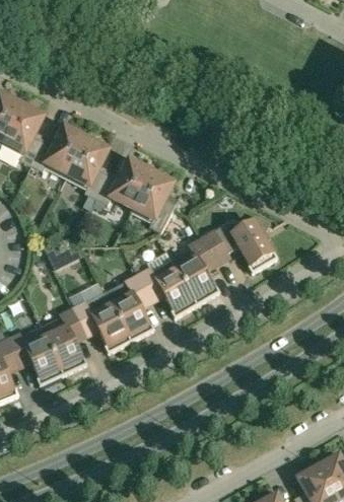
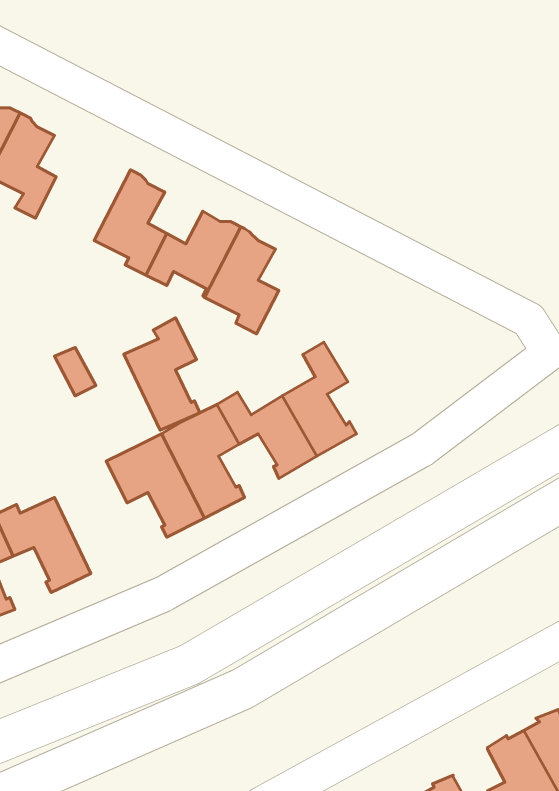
building: [30,126,86,176] -> none
building: [200,215,277,271] -> none
building: [42,306,86,372] -> [124,318,200,430]

